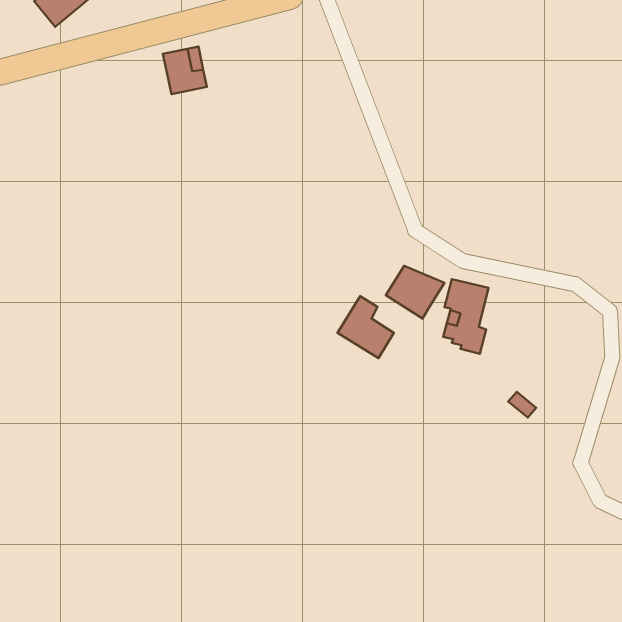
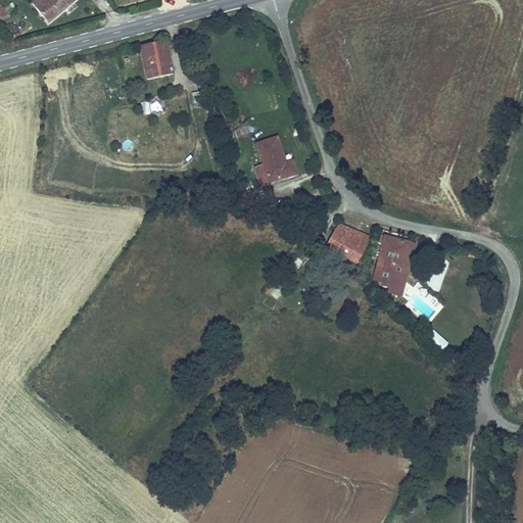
building: none -> [254,135,298,185]
building: [338,296,394,358] -> none

